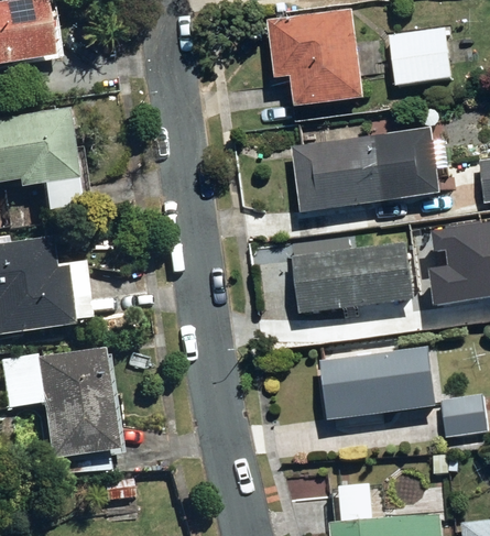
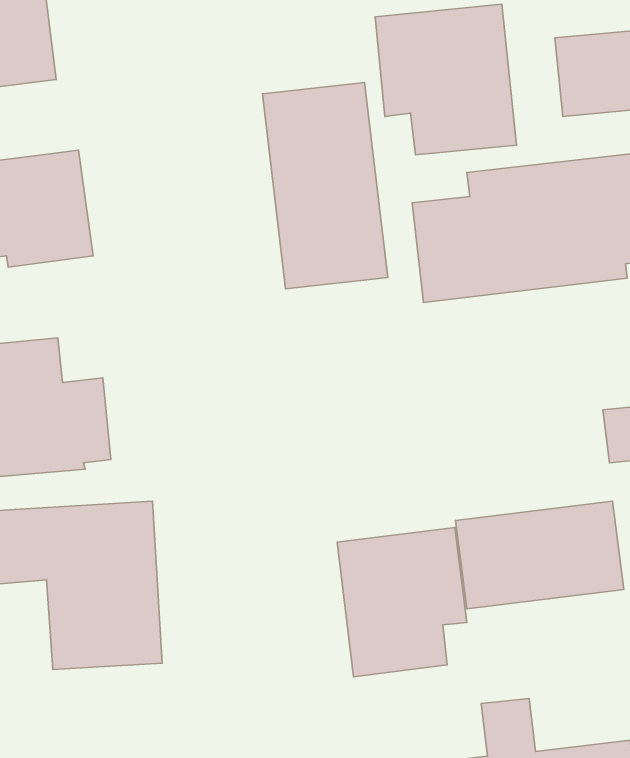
building: none -> [263,82,388,289]
building: [292,243,412,311] -> none
building: none -> [337,528,467,677]

